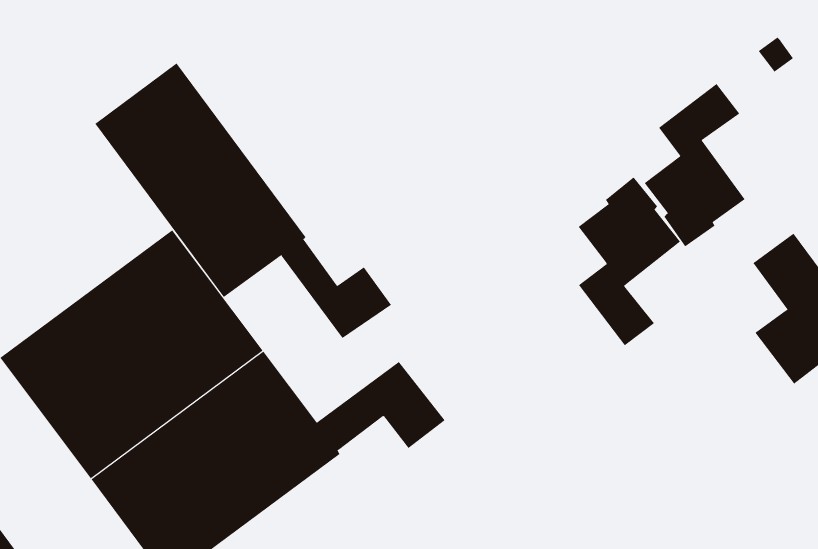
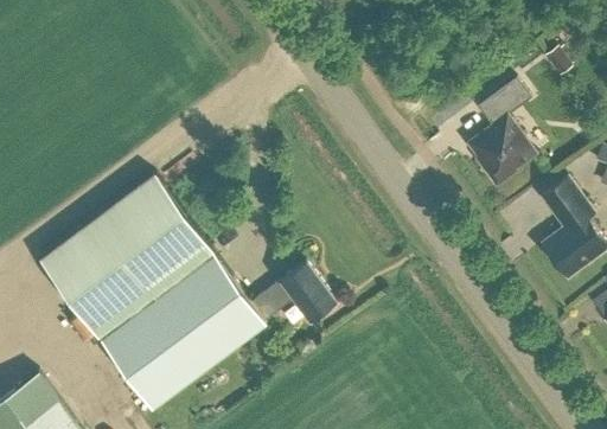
building: [94,62,392,339] -> none
building: [578,176,681,346] -> none

